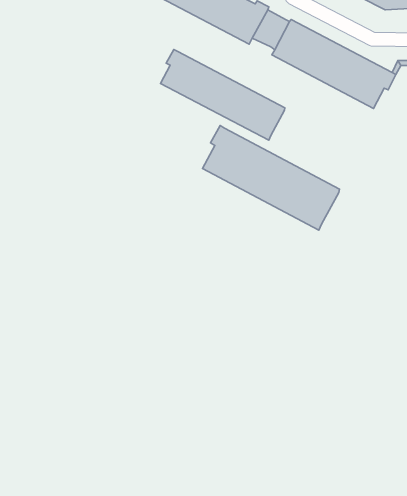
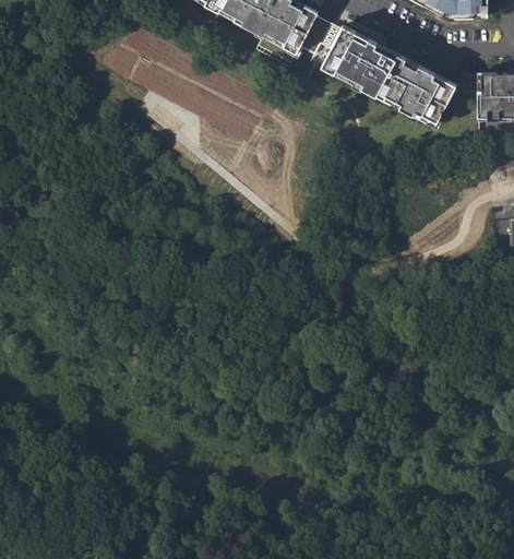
building: [160,49,285,140] -> none
building: [203,126,339,230] -> none

